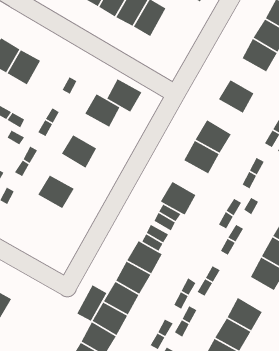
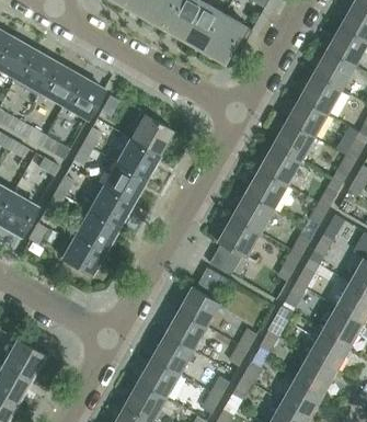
building: none -> [206,14,252,60]
building: none -> [299,73,342,114]
building: none -> [61,76,102,118]
building: [106,78,143,113] -> [115,138,158,179]
building: none -> [272,122,314,162]
building: none -> [88,185,130,226]
building: none -> [231,193,274,233]
building: none -> [60,233,103,275]
building: none -> [308,330,351,370]
building: [76,284,107,322] -> none

